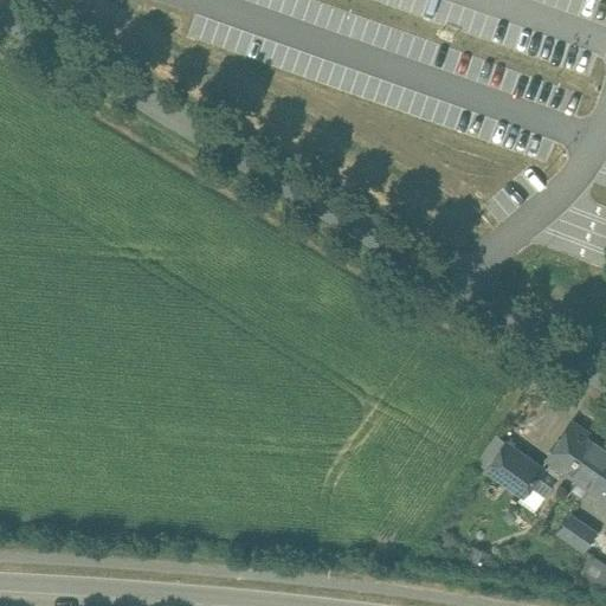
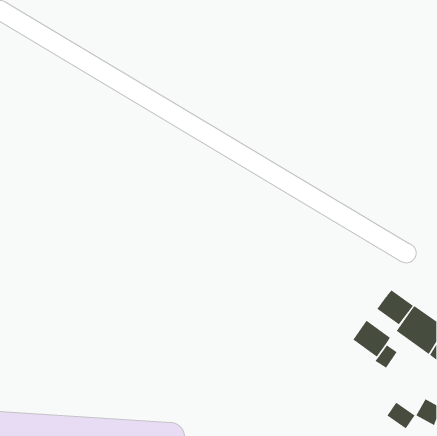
building: none -> [377,289,414,325]
building: [556,515,597,553] -> [387,402,416,429]

